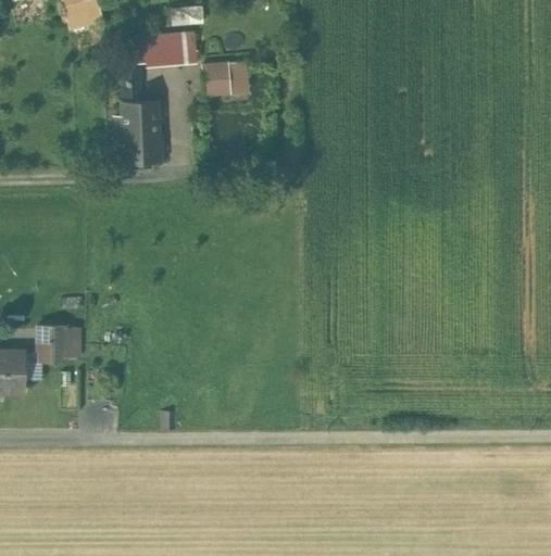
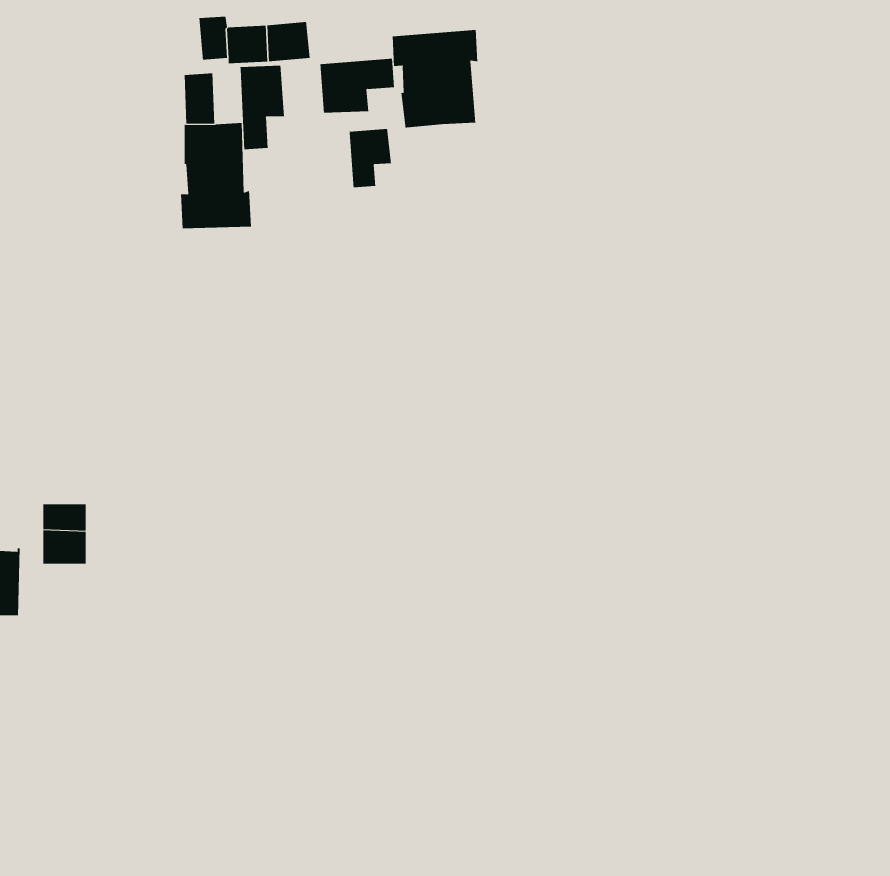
building: none -> [392,29,478,128]
building: none -> [240,65,285,150]
building: none -> [349,128,391,188]

